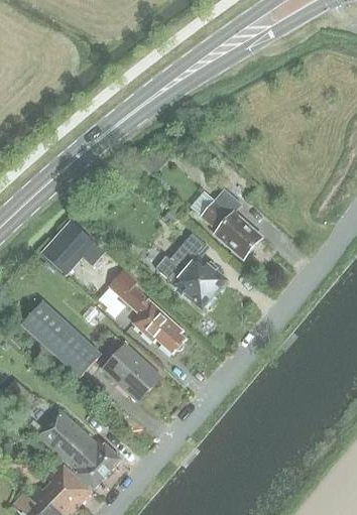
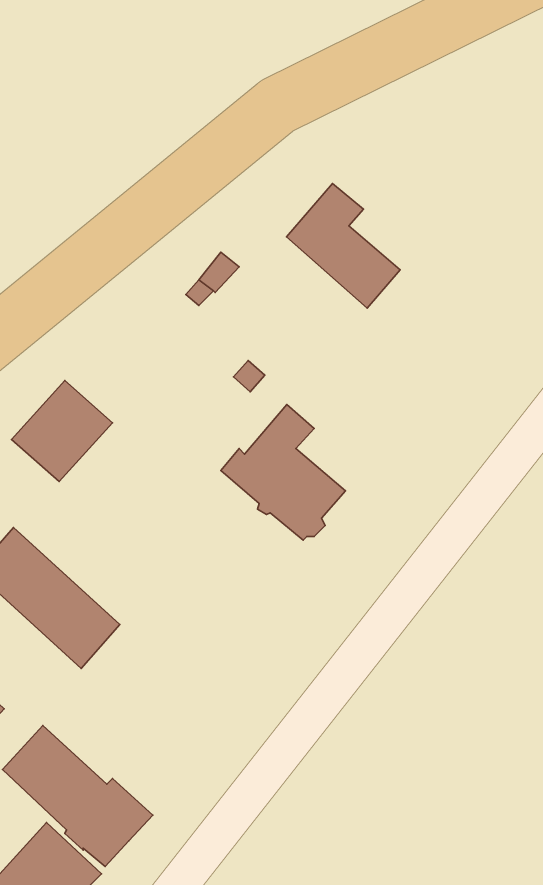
building: [199,190,261,259] -> [286,184,400,308]
building: [108,269,185,354] -> none
building: [104,343,162,400] -> none

